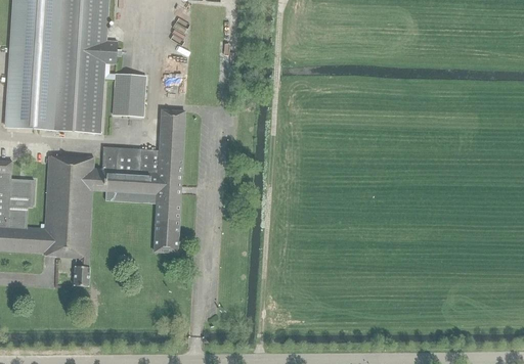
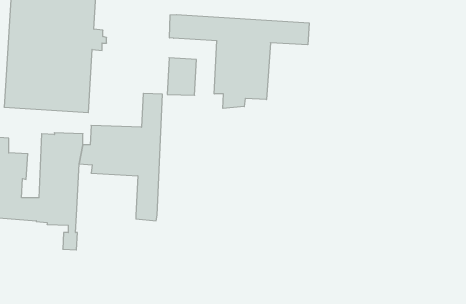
building: none -> [170,15,309,108]
building: [112,73,144,115] -> [167,58,196,95]

